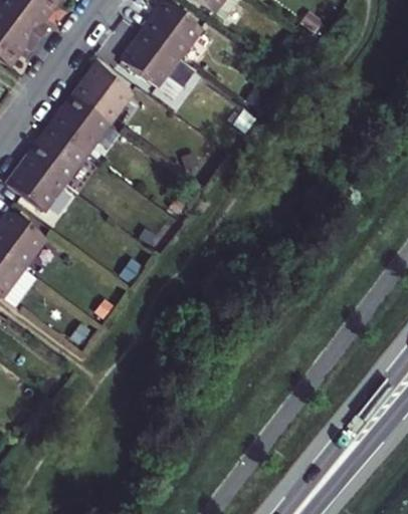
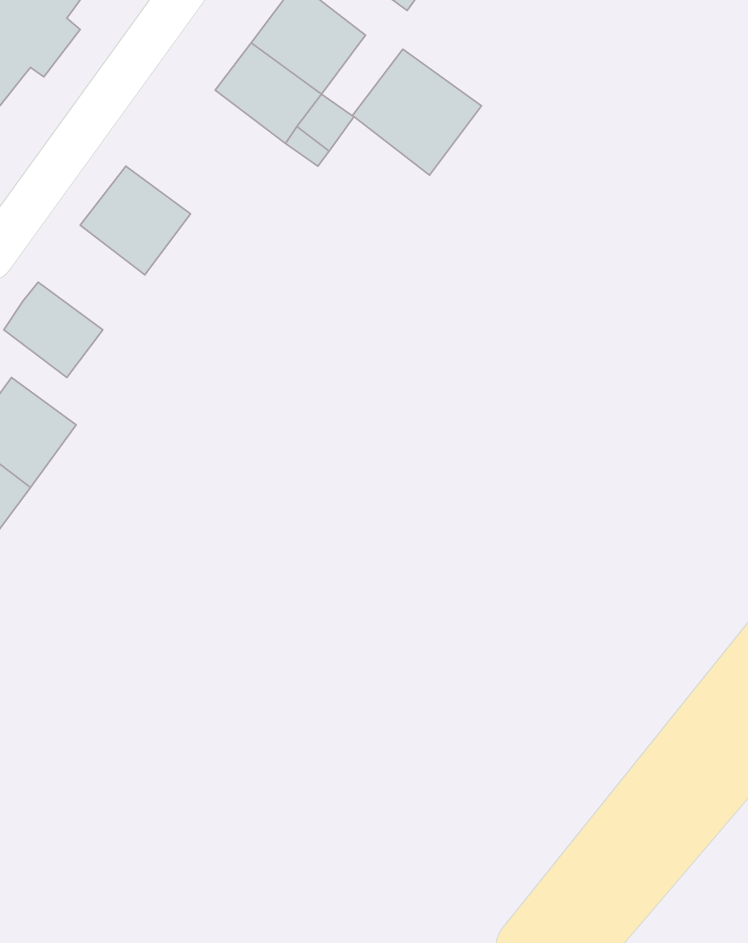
building: none -> [352,49,481,175]
building: [73,67,131,123] -> none
building: [27,130,83,185] -> none

